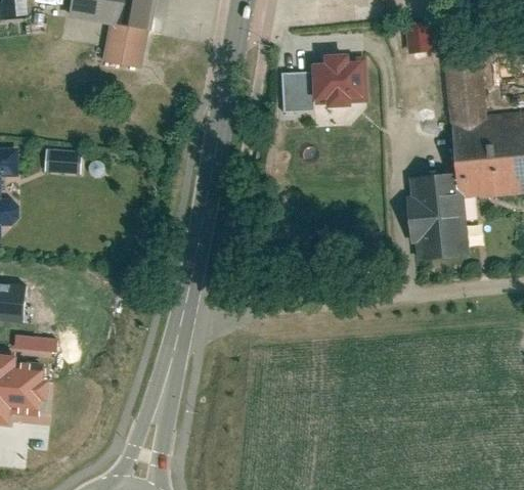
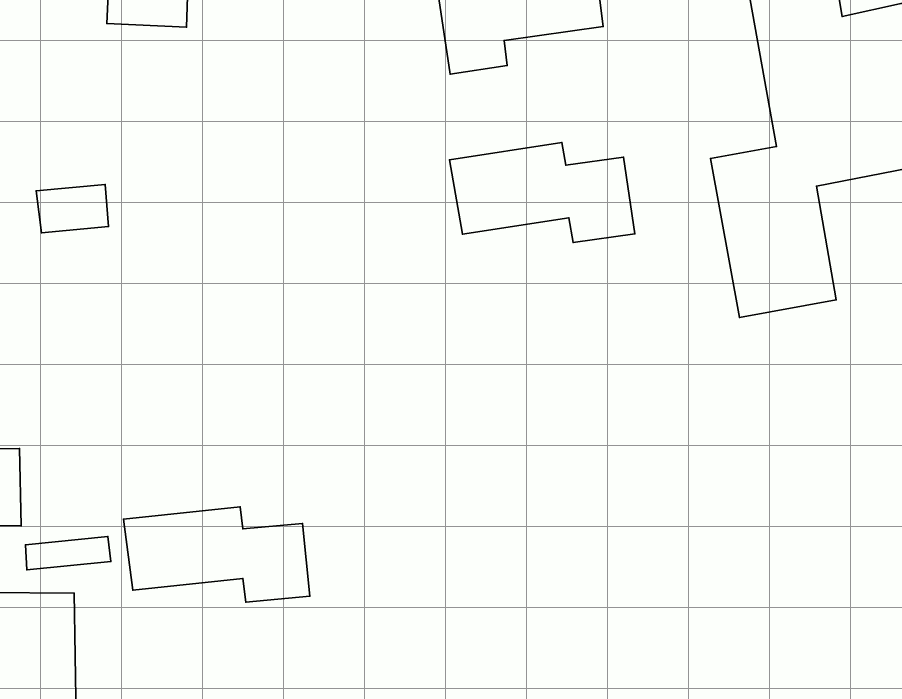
building: none -> [449,142,635,243]
building: none -> [124,507,310,602]

